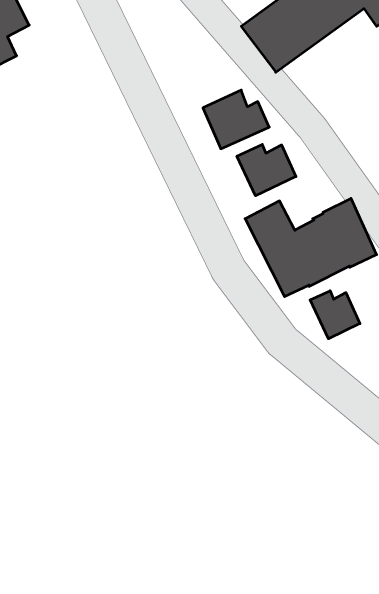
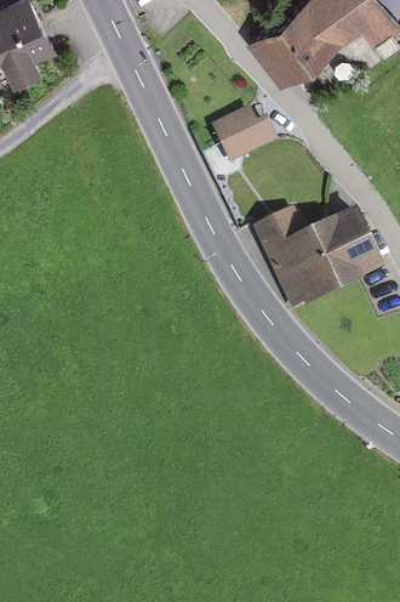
building: [237,144,296,196] -> none
building: [310,291,360,339] -> none

